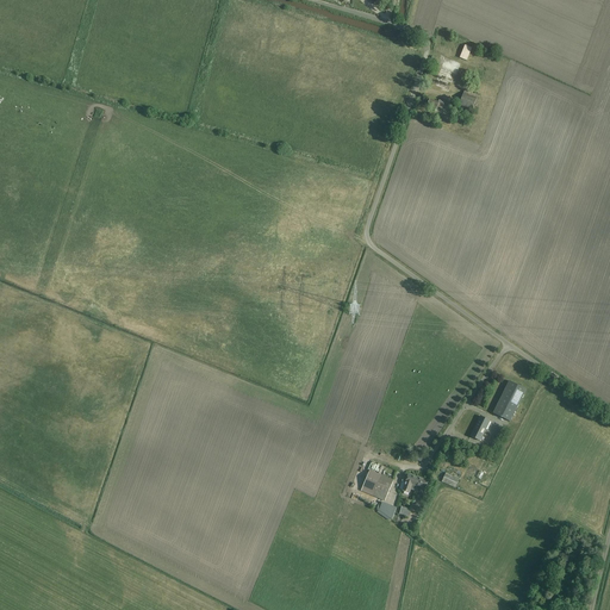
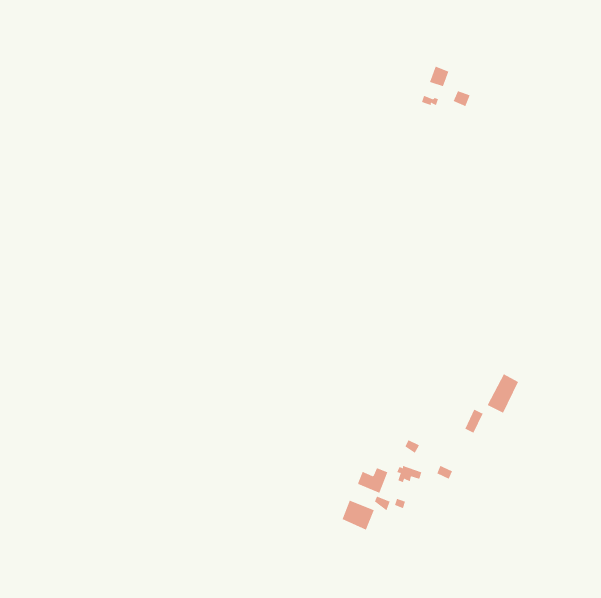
building: none -> [342,500,375,531]

